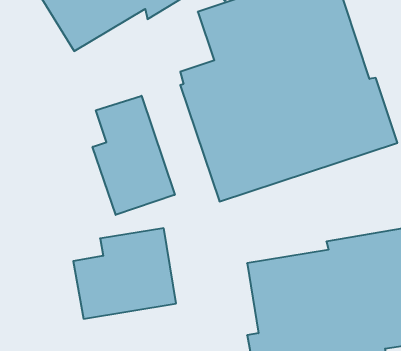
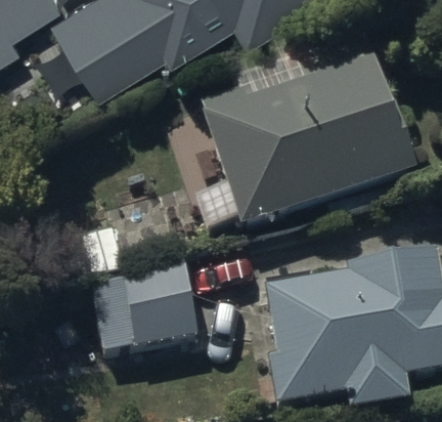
building: [93,96,175,215] -> none

